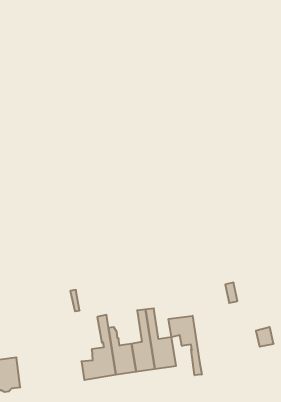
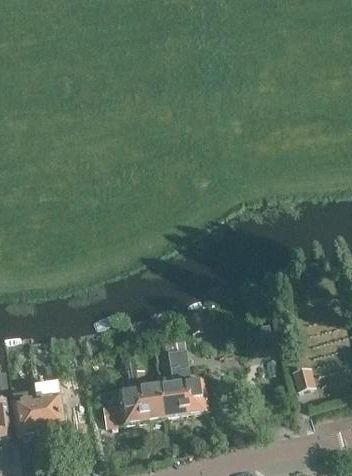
building: [169,316,202,375] -> none
building: none -> [36,397,64,433]

